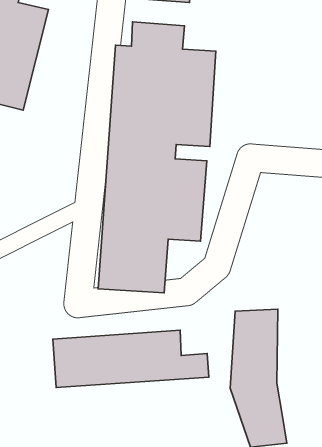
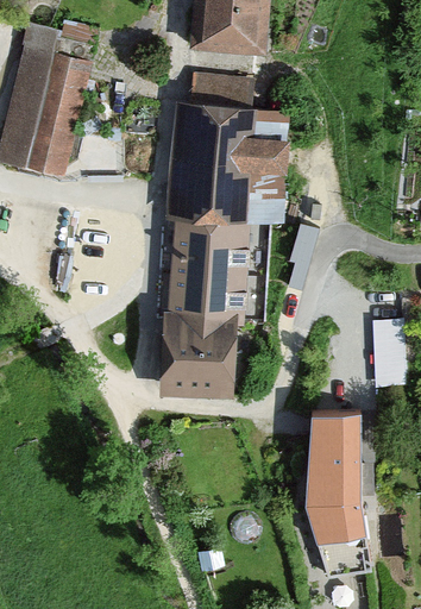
building: none -> [373,318,409,385]
building: [53,330,209,387] -> none

